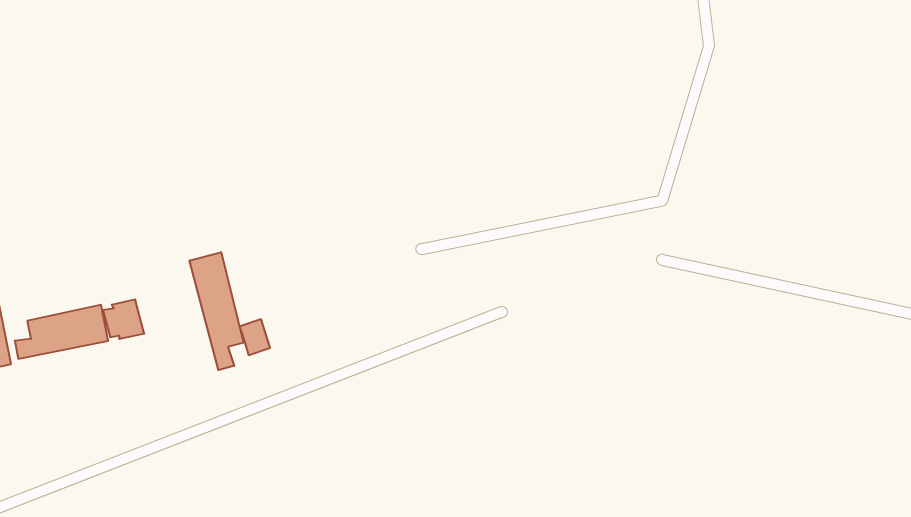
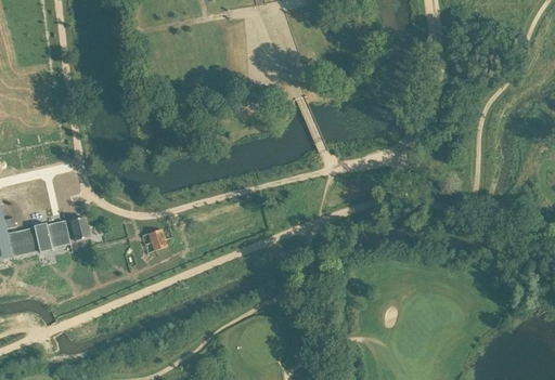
building: [190,252,244,370] -> none

